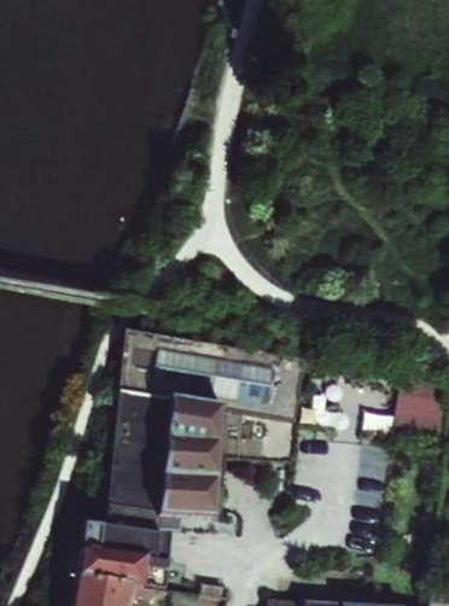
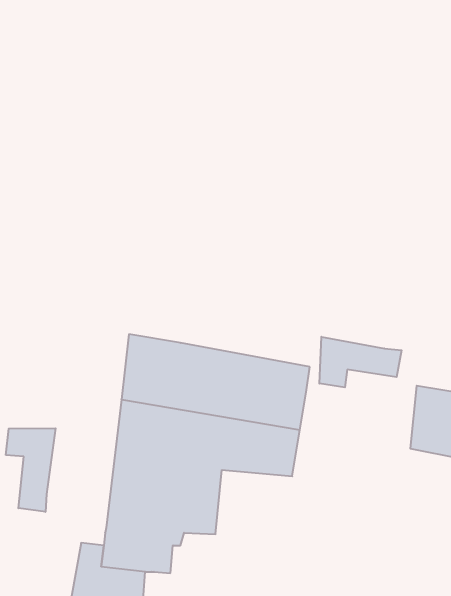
building: none -> [319,337,402,387]
building: none -> [6,428,56,512]

